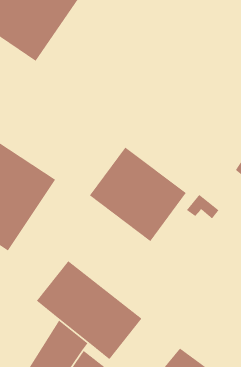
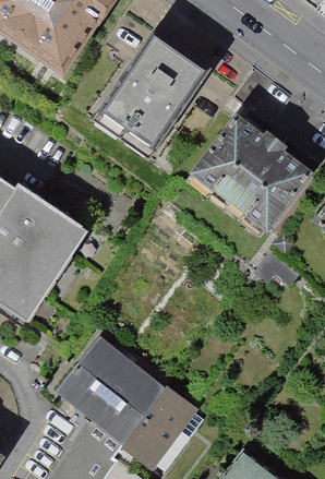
building: none -> [92,37,208,163]
building: [89,146,187,242] -> [188,117,314,240]

